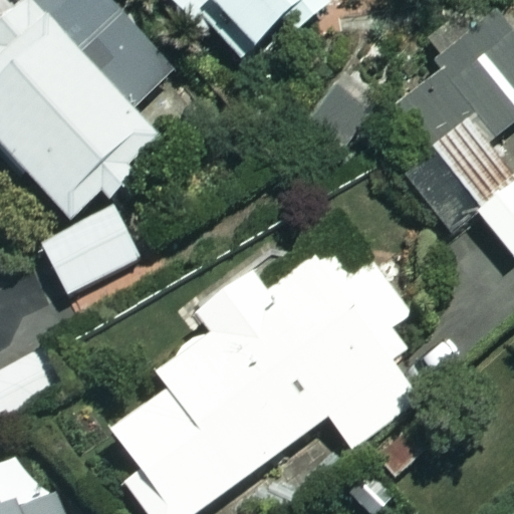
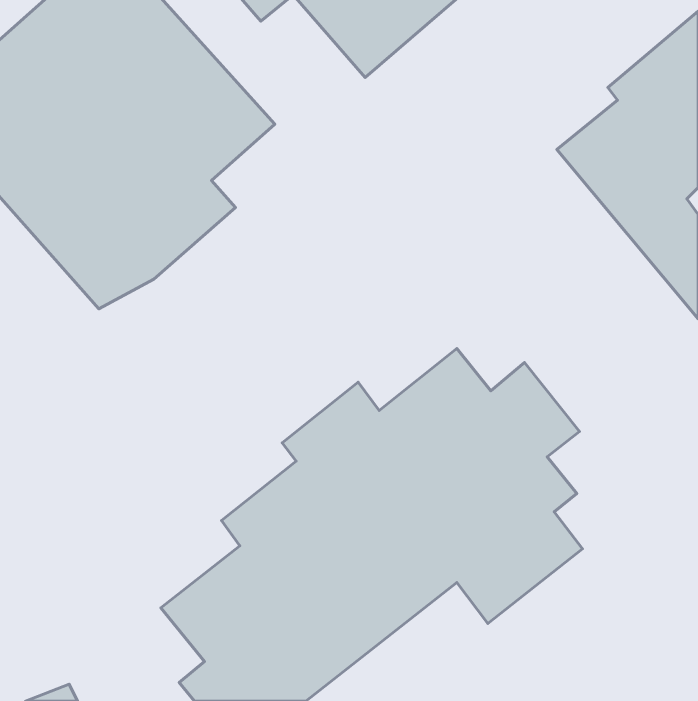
building: [33,199,144,299] -> none

